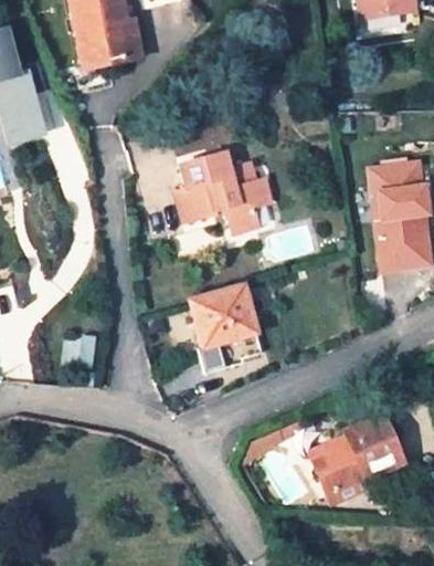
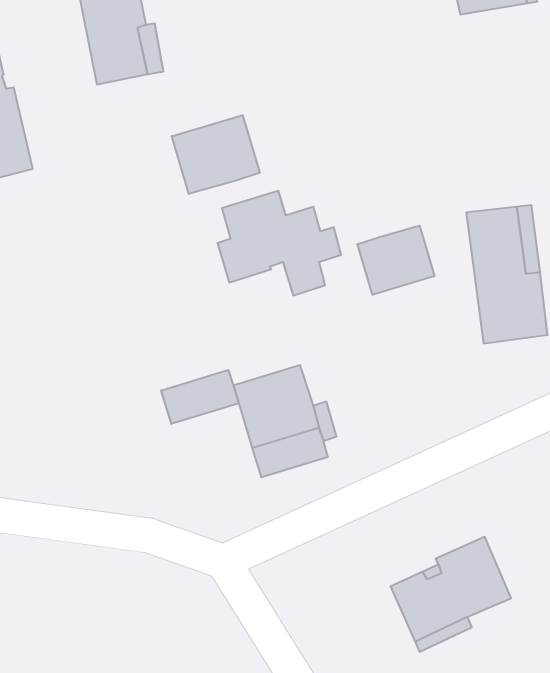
building: none -> [172,115,260,194]
building: none -> [357,226,434,295]
building: none -> [161,370,238,424]

